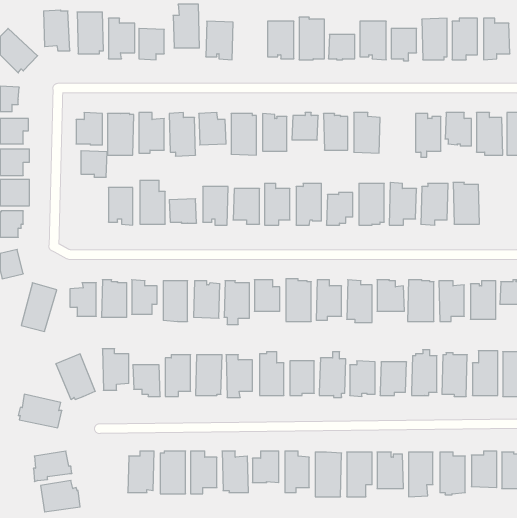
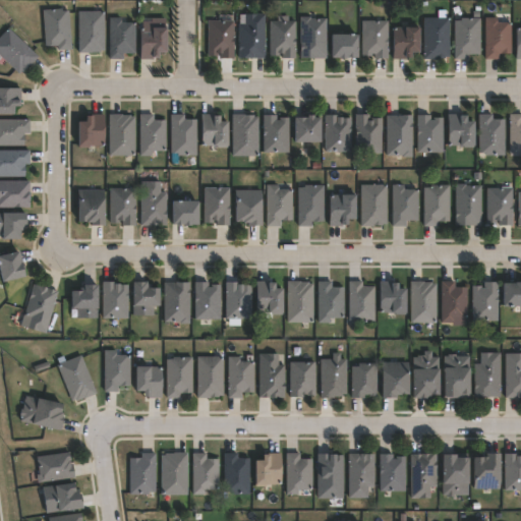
building: [173,4,199,48] -> [239,15,266,59]
building: none -> [387,114,413,157]
building: [81,151,107,177] -> [77,197,104,224]
building: none -> [487,188,513,225]

